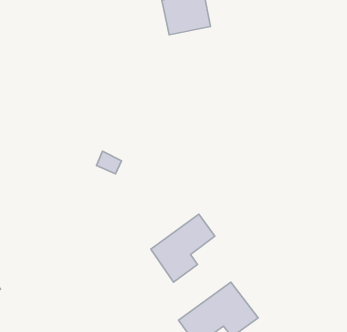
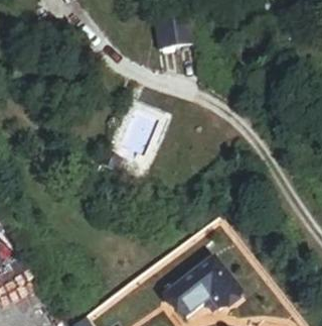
building: [151,214,215,282] -> none

